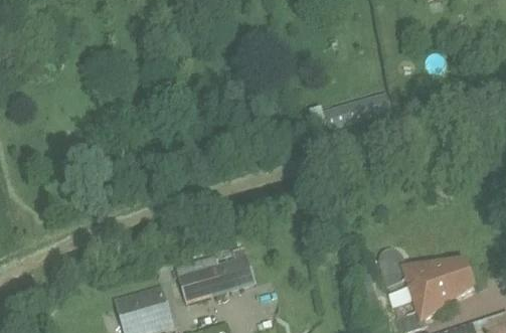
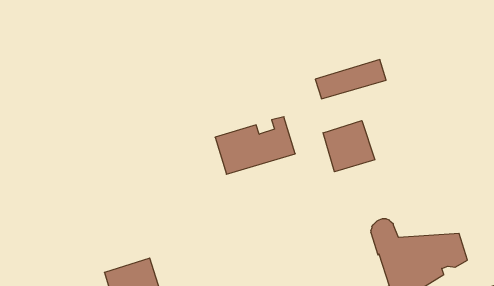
building: none -> [323,121,375,172]
building: [174,245,252,302] -> [215,117,295,174]

